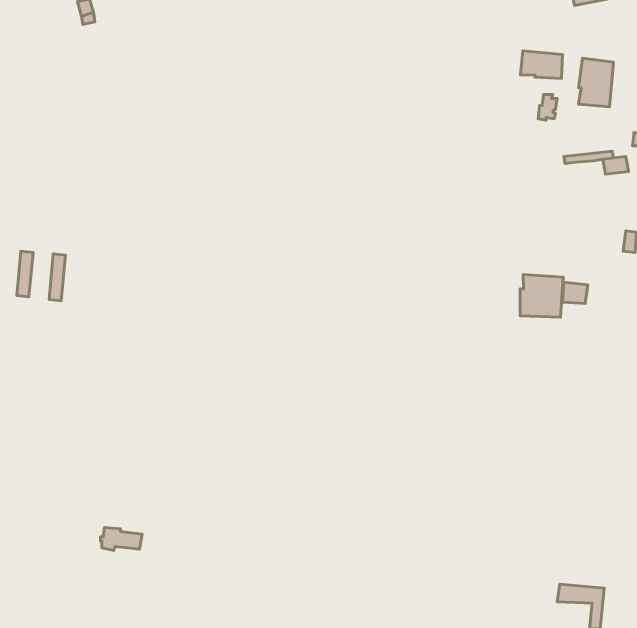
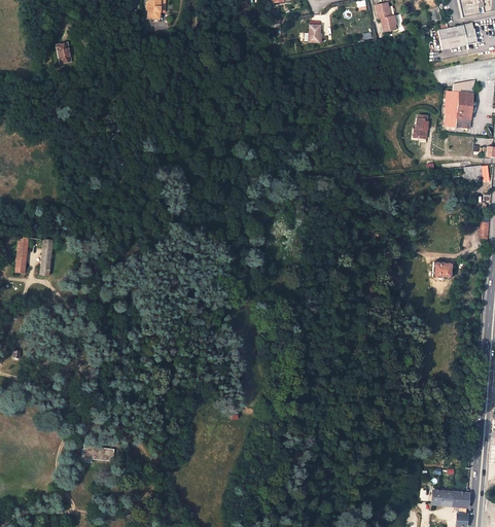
building: [521,51,562,79] -> none
building: [520,274,563,317] -> none

